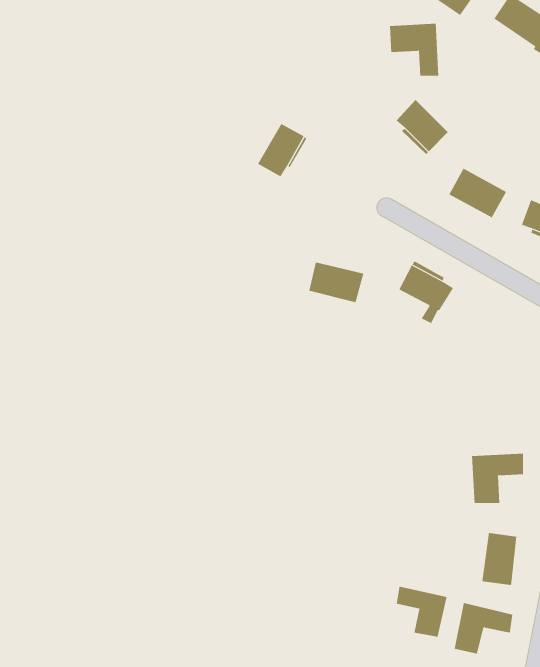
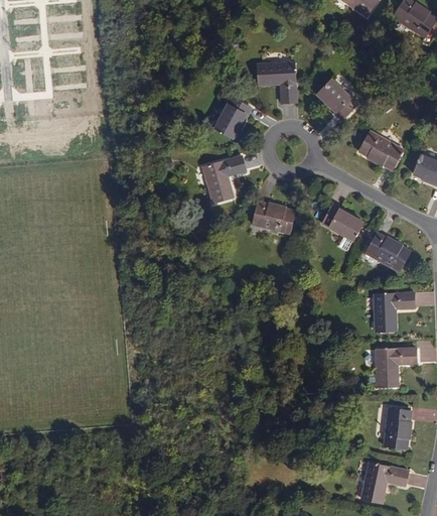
building: [389,23,439,76] -> [259,61,297,102]
building: none -> [201,155,245,202]
building: none -> [366,232,410,271]
building: none -> [372,292,414,332]
building: [396,586,447,637] -> none

